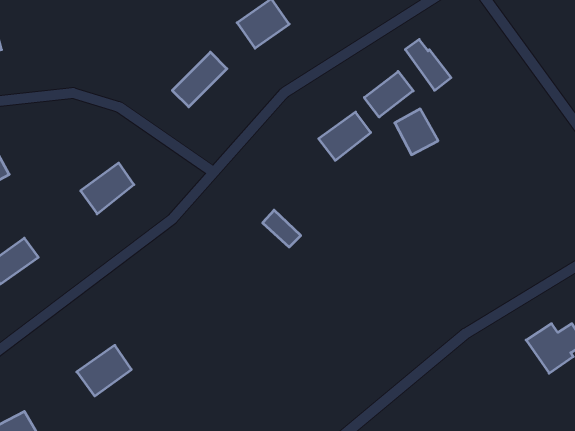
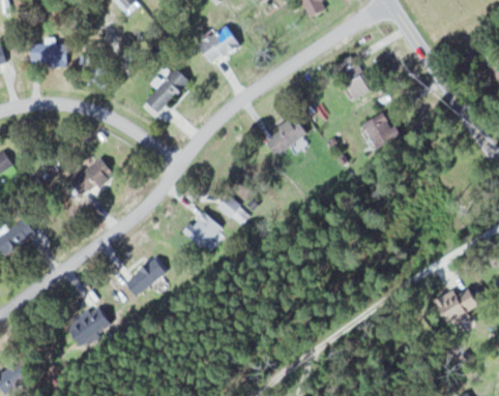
building: none -> [30,43,67,62]
building: [364,71,413,117] -> none
building: [395,109,438,155] -> [364,111,400,148]
building: none -> [184,211,223,249]
building: none -> [125,256,166,297]

